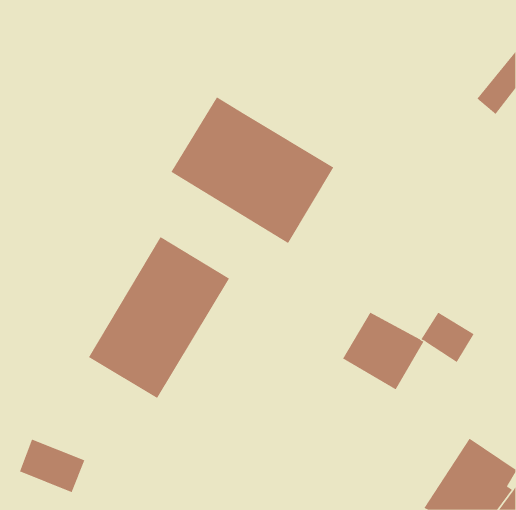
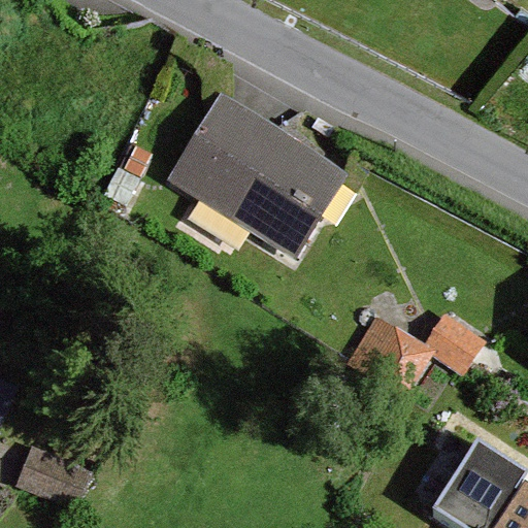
building: [88,236,230,399] -> none

